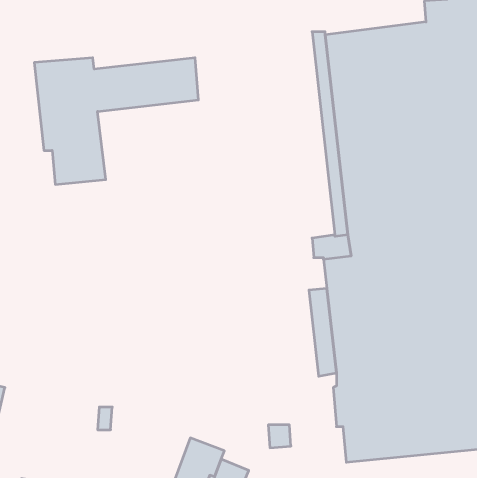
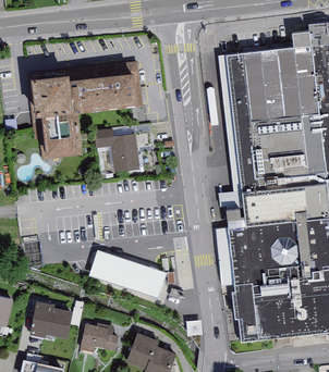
building: none -> [93,126,141,172]
building: none -> [92,249,171,298]
building: none -> [29,295,73,332]
building: none -> [80,319,118,348]

